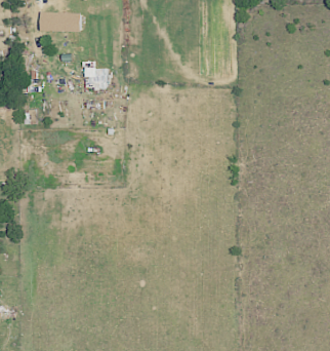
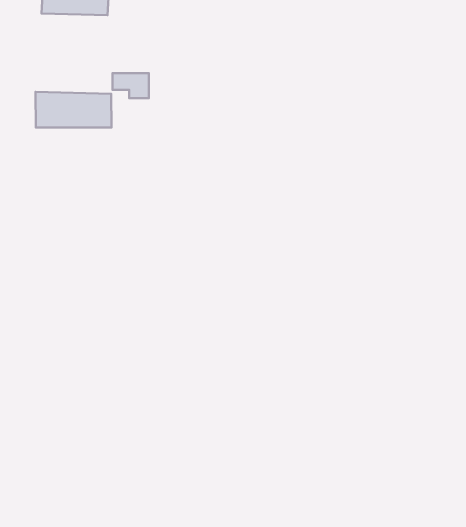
building: none -> [36,92,112,128]

